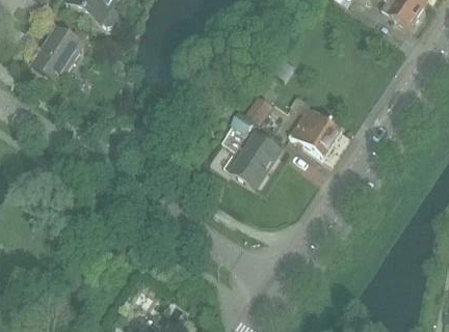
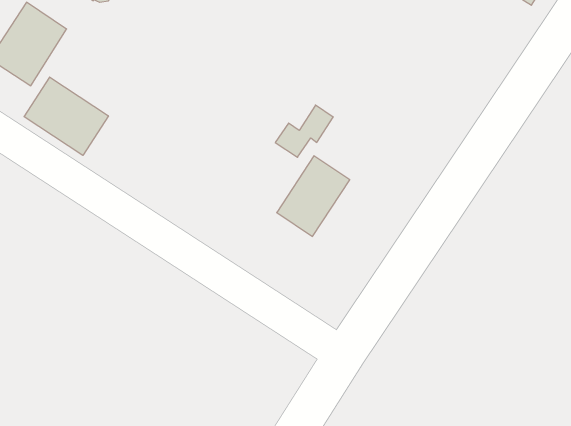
building: none -> [24,77,108,155]
building: [288,104,341,155] -> none

